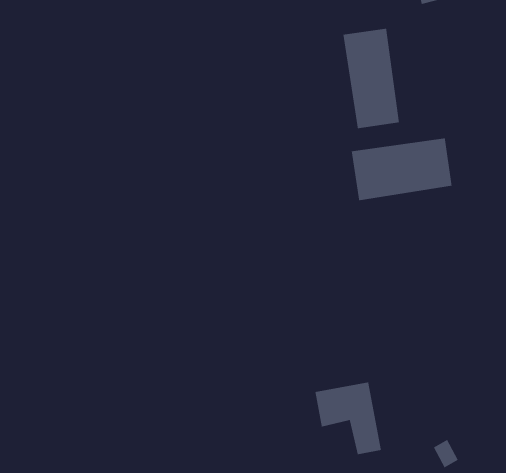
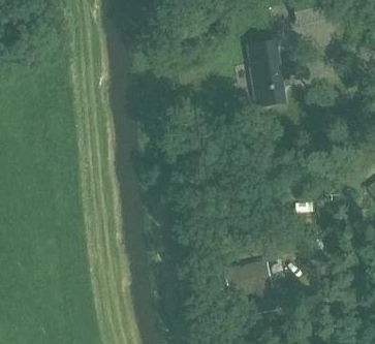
building: [351,138,453,201] -> none

